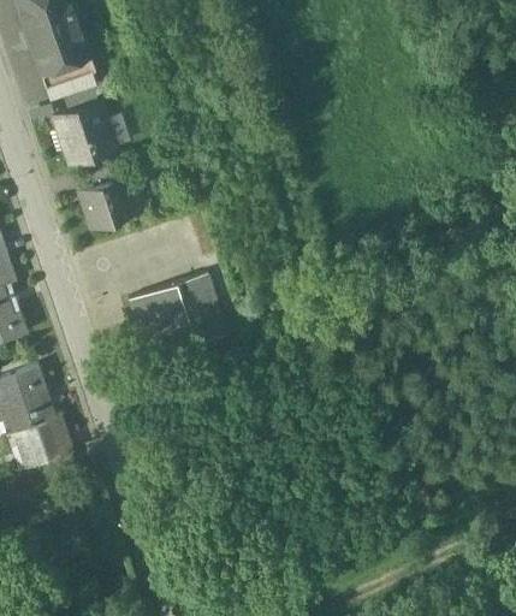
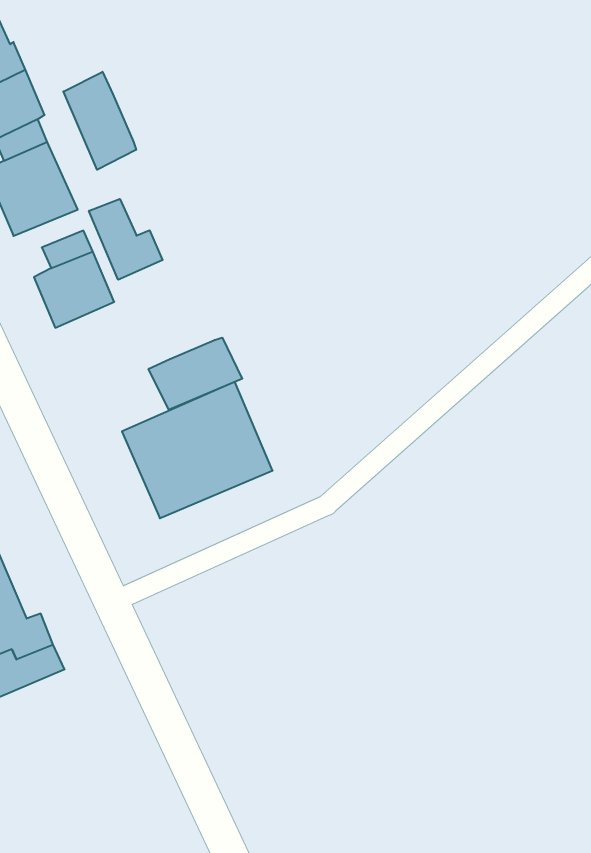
building: none -> [63,72,136,170]
building: none -> [89,199,163,280]
building: none -> [149,338,242,410]

